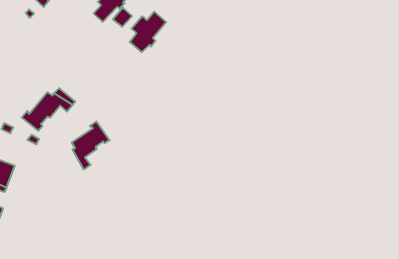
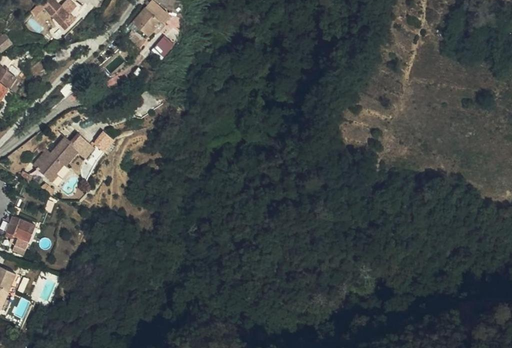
building: [130,12,166,52] -> none
building: [72,121,110,169] -> none

